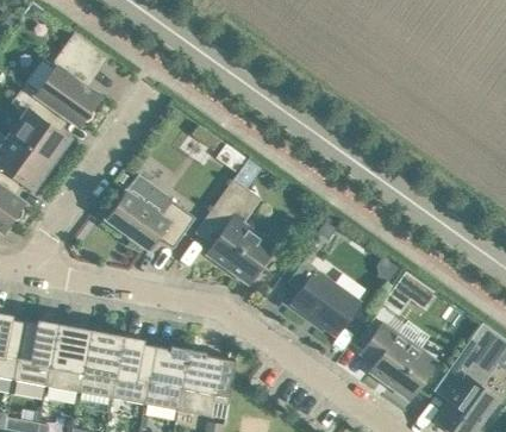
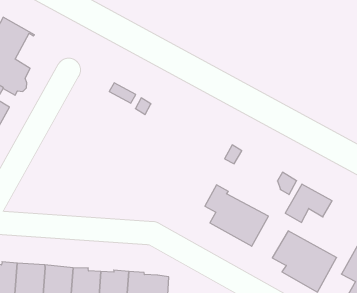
building: [105,174,194,250] -> none
building: [194,180,271,284] -> none

